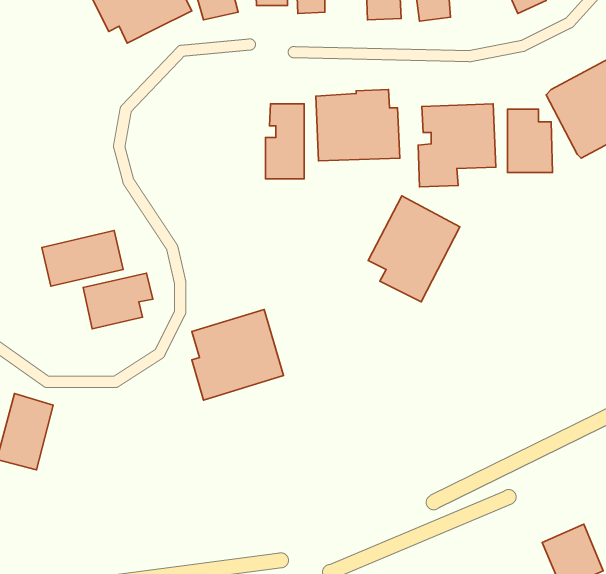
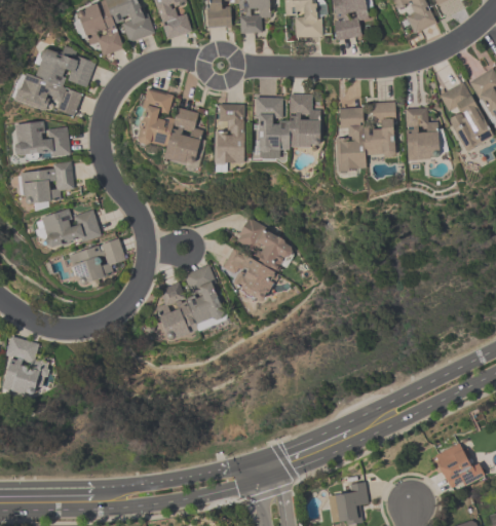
building: none -> [15,44,96,120]
building: none -> [138,88,203,165]
building: none -> [13,122,69,159]
building: none -> [17,164,74,206]
building: [368,196,460,302] -> [221,218,294,302]

